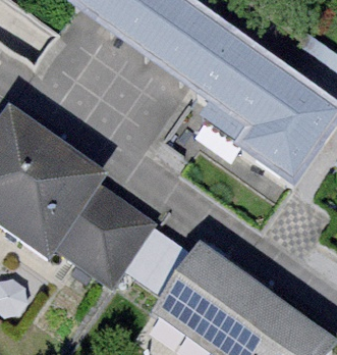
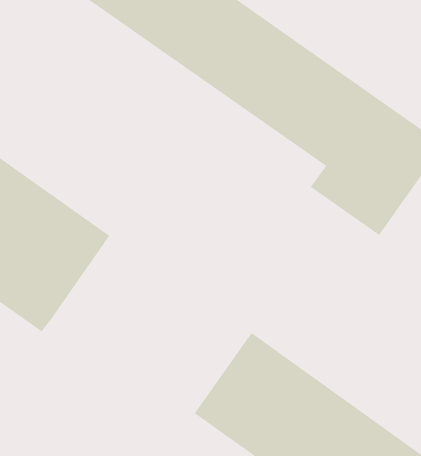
building: [55,176,155,277] -> none

